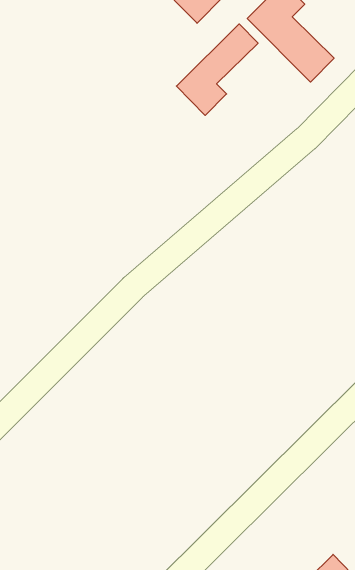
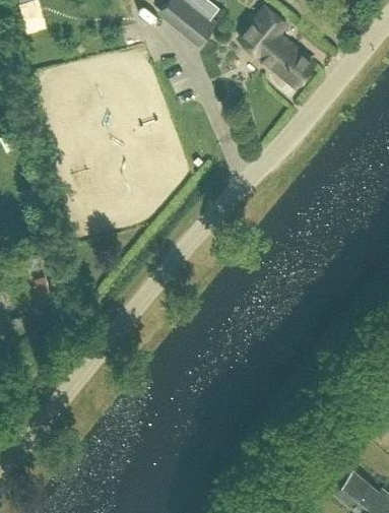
building: [176,24,258,115] -> none

